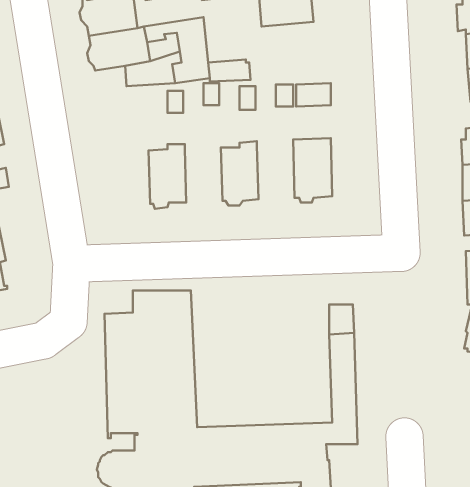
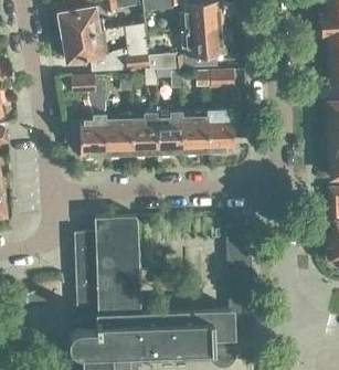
building: none -> [186,28,224,56]
building: none -> [71,75,107,159]
building: none -> [131,107,158,158]
building: none -> [182,110,209,156]

